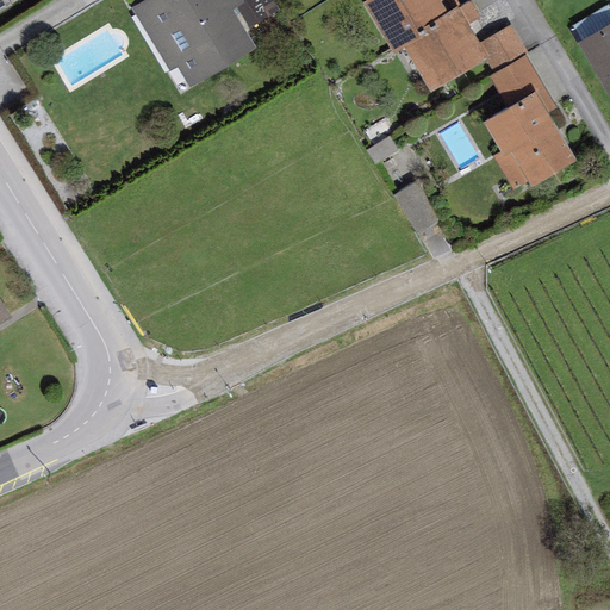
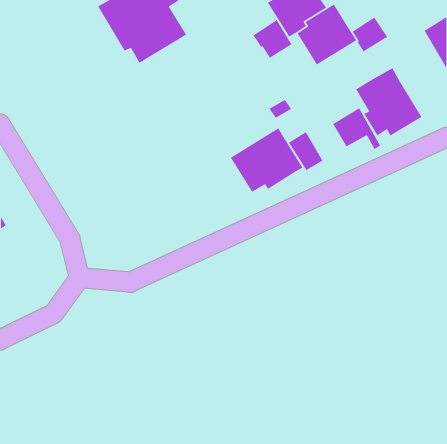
building: none -> [253,18,293,59]
building: [488,52,555,111] -> [332,107,381,150]
building: none -> [230,126,303,193]

